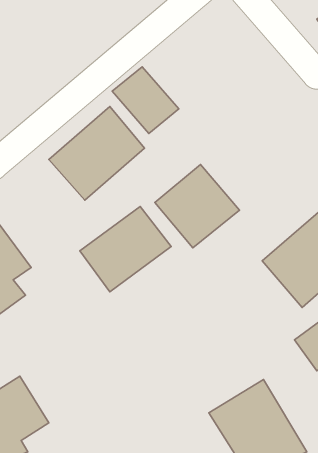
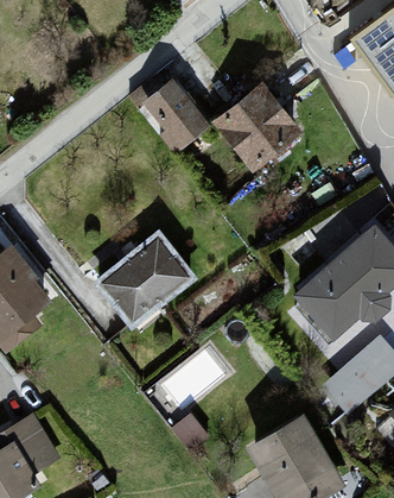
building: [49,106,145,200] -> none
building: [155,165,239,248] -> [205,86,296,175]

